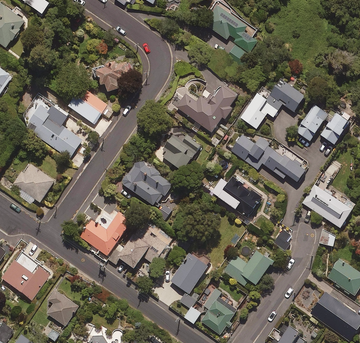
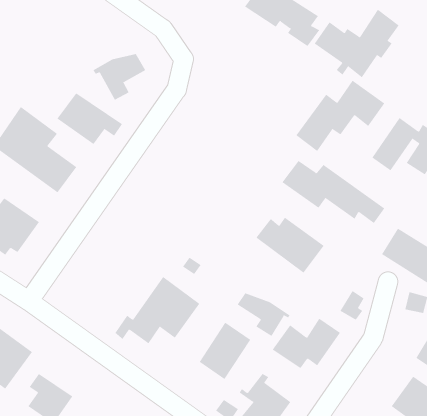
building: [176,82,238,132] -> [314,9,399,78]
building: [162,125,203,170] -> none
building: [121,157,173,205] -> none
building: [80,214,131,256] -> none
building: none -> [237,293,291,337]

